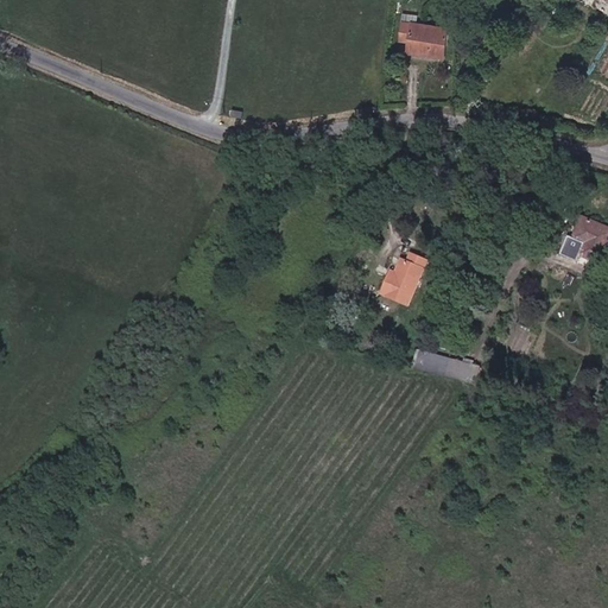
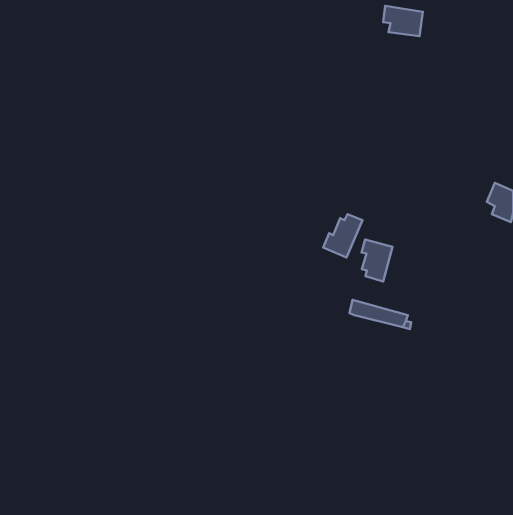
building: [397,20,443,56] -> [383,6,423,36]
building: none -> [361,239,393,282]

